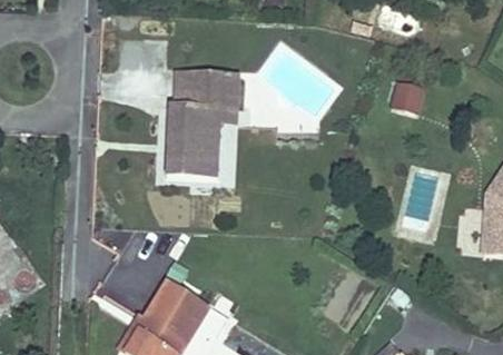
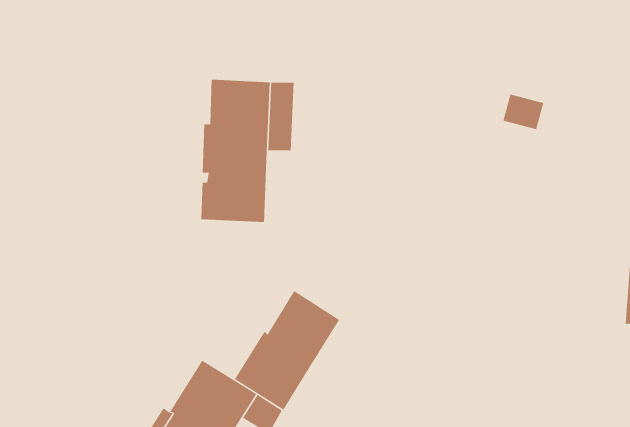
building: none -> [234,290,340,410]

